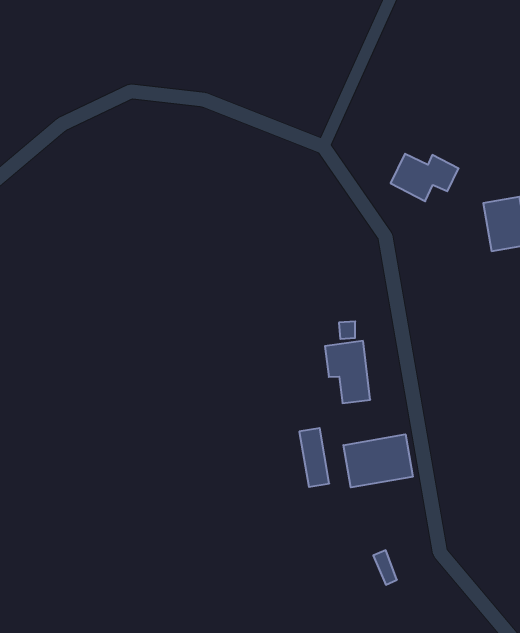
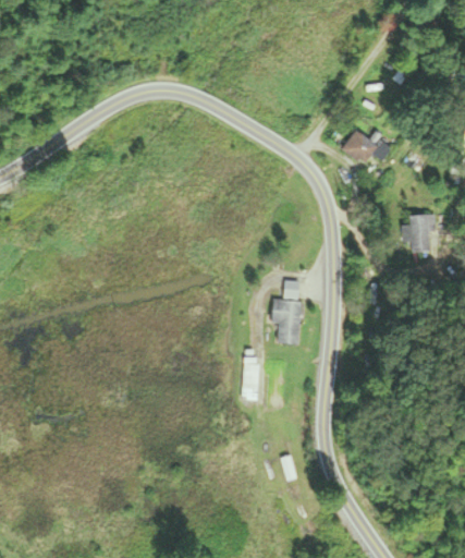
building: [391,154,459,201] -> [342,129,393,166]
building: [343,434,413,487] -> none

